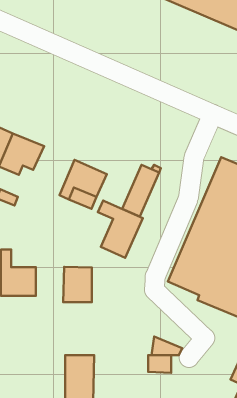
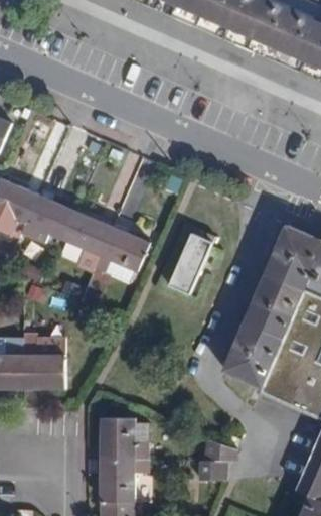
building: none -> [61,209,111,269]
building: [98,200,143,258] -> none
building: [63,267,92,302] -> [100,415,134,458]

